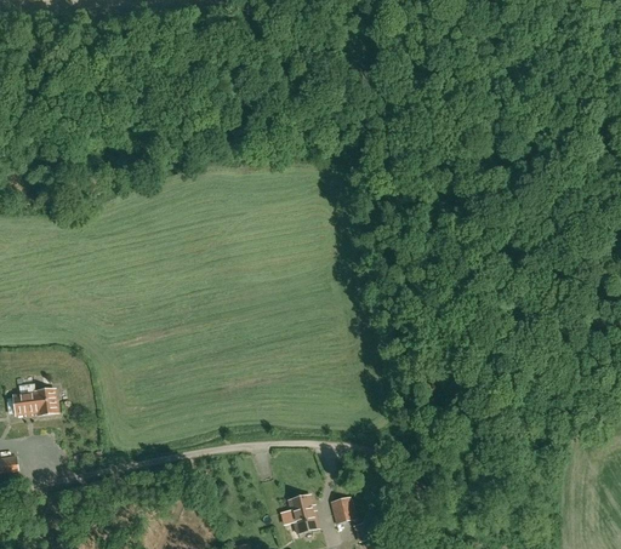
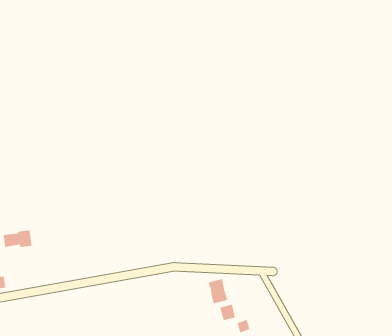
building: [287,493,318,532] -> [208,278,228,304]

